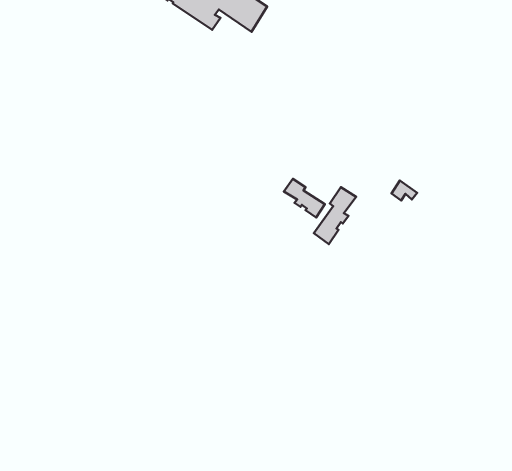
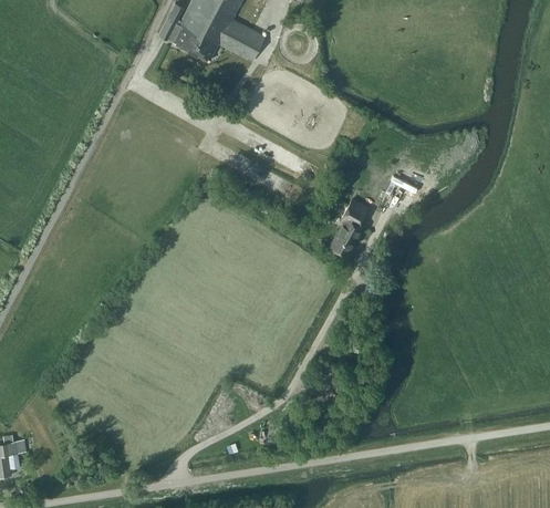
building: [284,179,325,218] -> none

